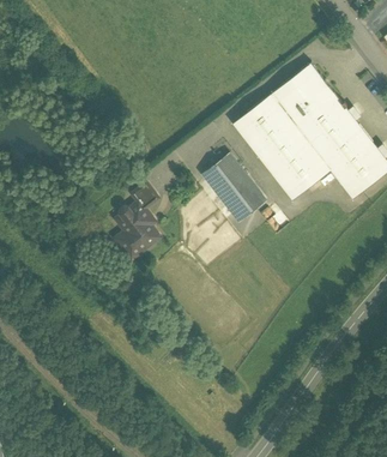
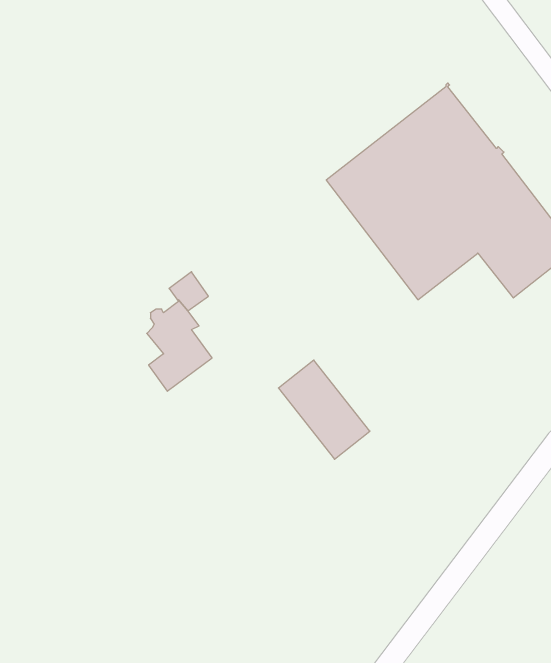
building: [204,156,262,220] -> [278,360,370,459]

